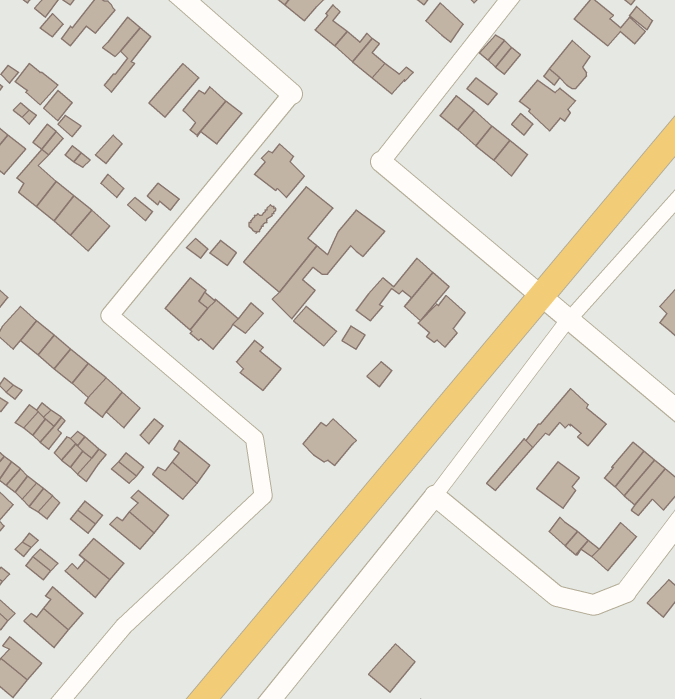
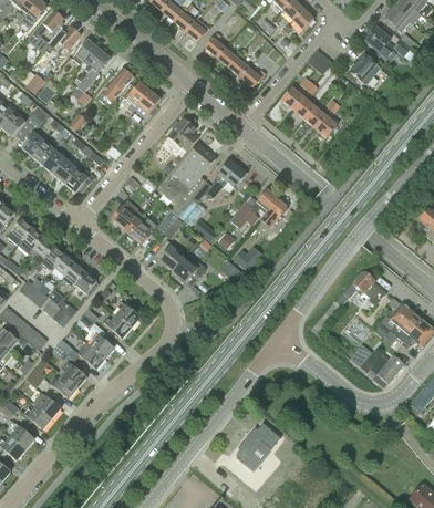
building: none -> [72,51,111,105]
building: [519,80,576,131] -> none
building: none -> [64,168,95,193]
building: [418,296,465,347] -> none
building: [303,419,356,465] -> [173,255,206,283]

